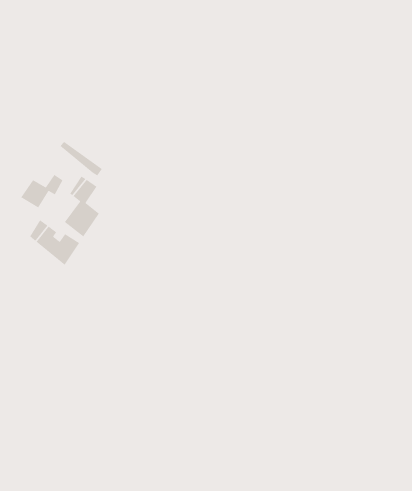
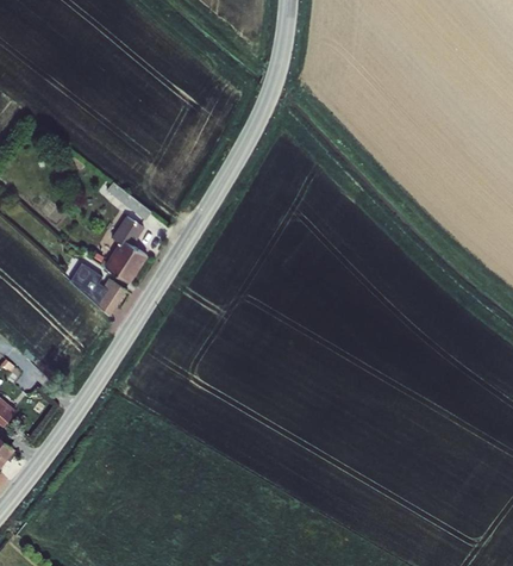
building: [20,174,63,209] -> none

